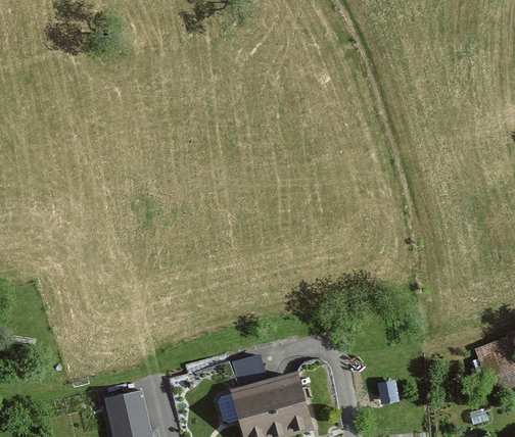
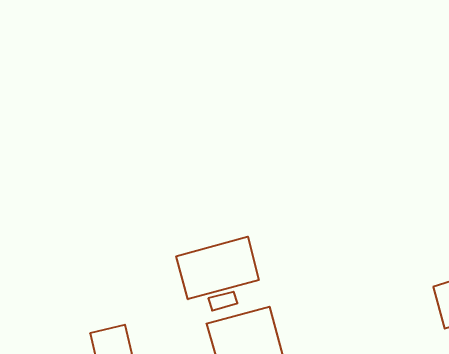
building: none -> [176,237,259,299]

